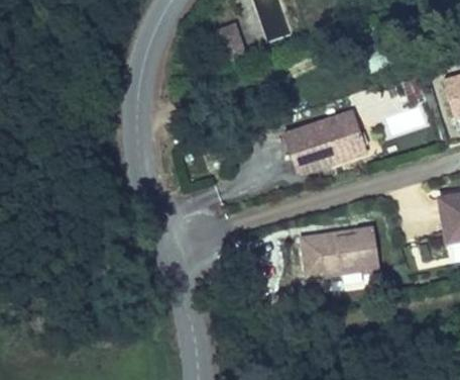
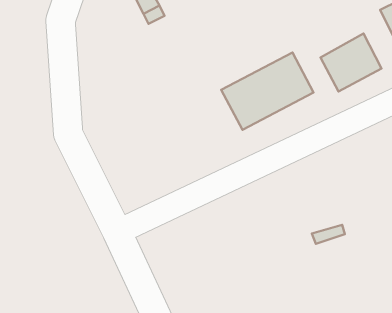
building: [300,225,378,273] -> none

